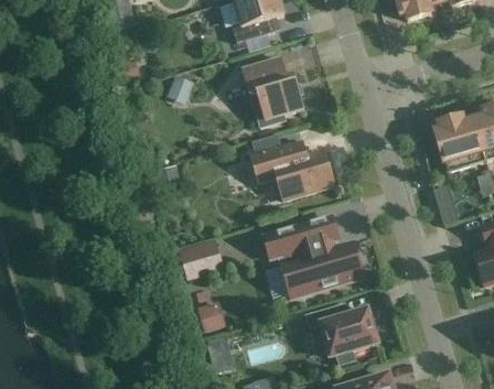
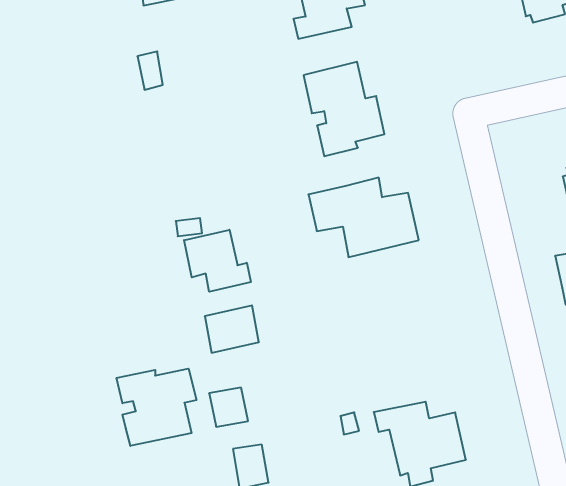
building: none -> [184,230,251,292]
building: [265,216,363,296] -> none
building: none -> [117,369,196,446]

